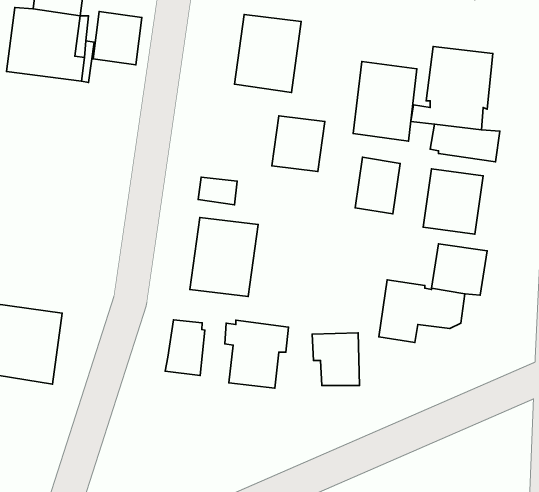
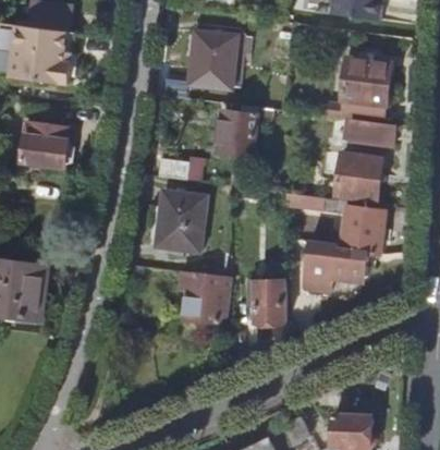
building: [93,12,142,65] -> none
building: [353,62,417,141] -> none
building: none -> [22,122,75,167]
building: [355,157,400,214] -> none
building: [165,320,205,375] -> none

